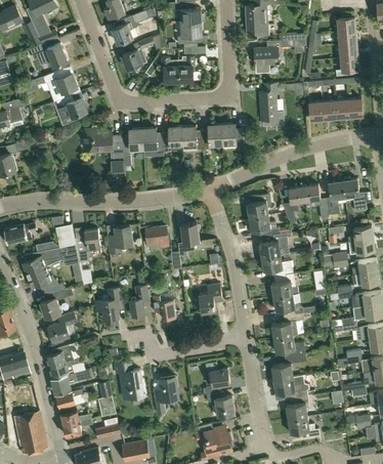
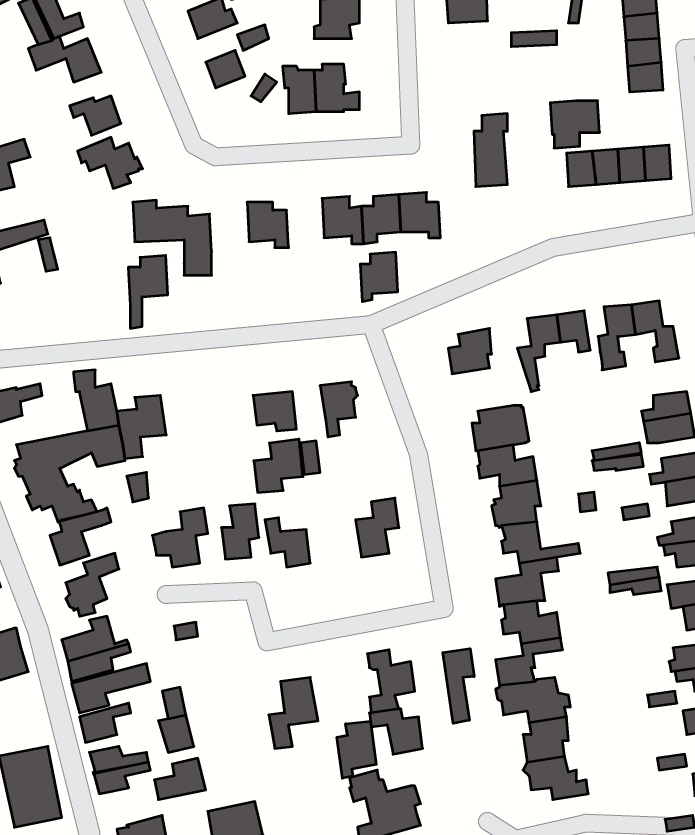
building: [253,48,279,73] -> [550,101,600,148]
building: [163,127,182,153] -> [360,252,398,302]
building: [123,129,143,167] -> [128,255,168,328]
building: [249,215,281,238] -> none
building: [107,225,132,253] -> [254,439,303,492]
building: none -> [443,649,474,723]
building: [114,362,143,397] -> none
building: none -> [337,721,376,778]

